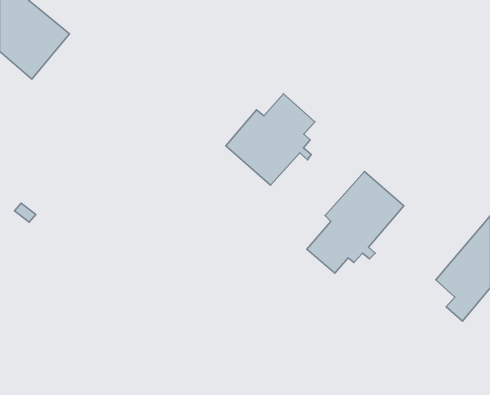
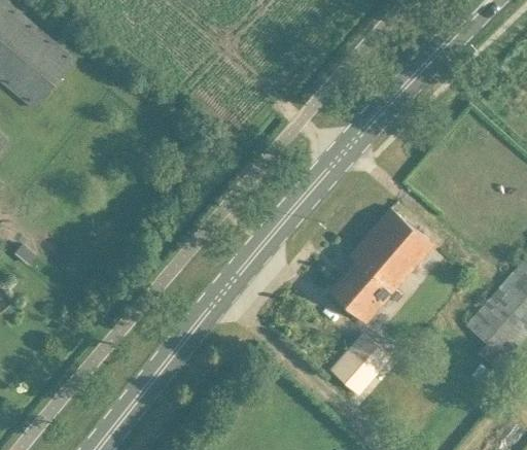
building: [226,94,315,185] -> none
building: none -> [331,334,390,393]

